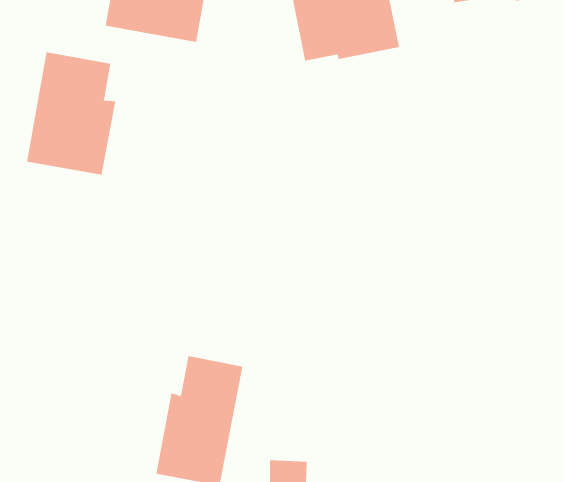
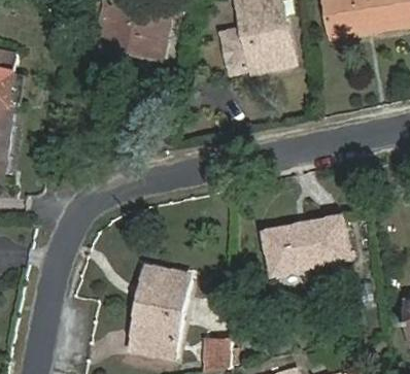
building: [26,52,116,176] -> none
building: none -> [265,216,348,274]

